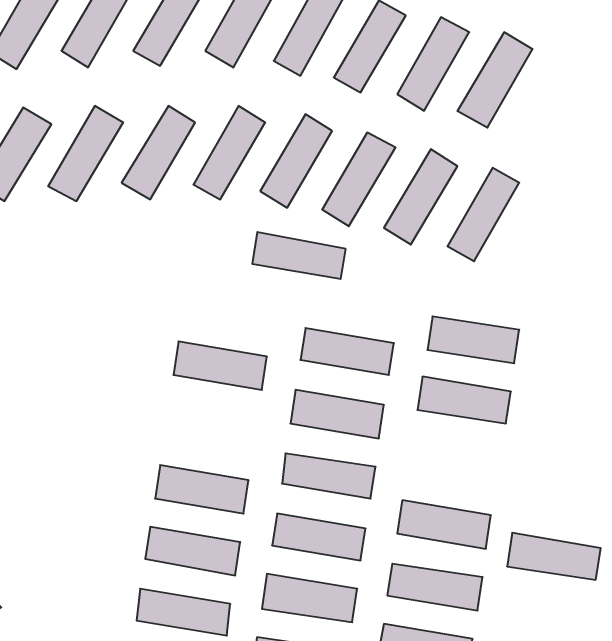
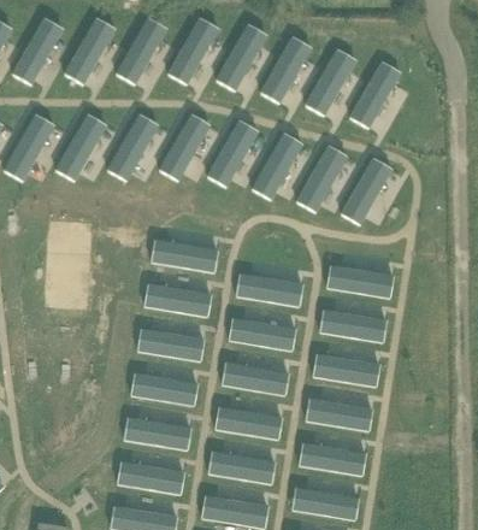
building: [252,232,346,279] -> [151,237,218,271]
building: none -> [136,326,205,361]
building: [507,533,601,580] -> [312,352,379,385]

